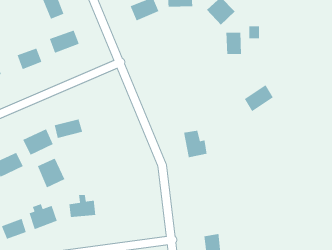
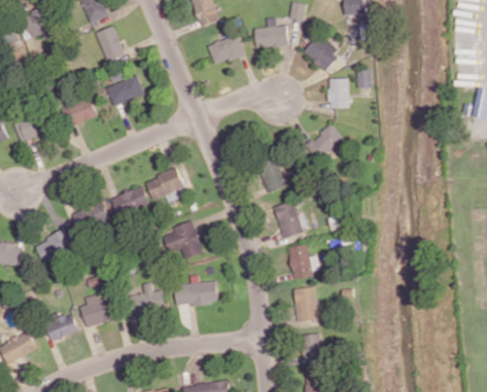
building: [244,84,274,112] -> [306,124,344,159]
building: none -> [256,156,287,193]
building: none -> [145,169,185,201]
building: none -> [163,220,203,258]
building: [37,158,66,188] -> none
building: none -> [288,244,312,279]
building: none -> [174,282,217,305]
building: none -> [294,287,317,321]

